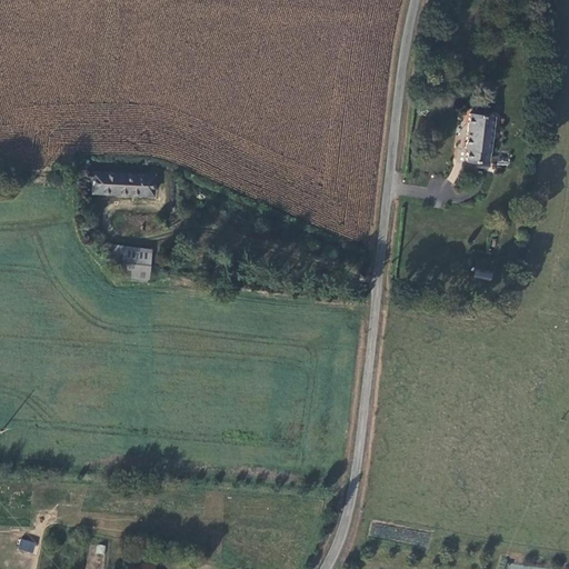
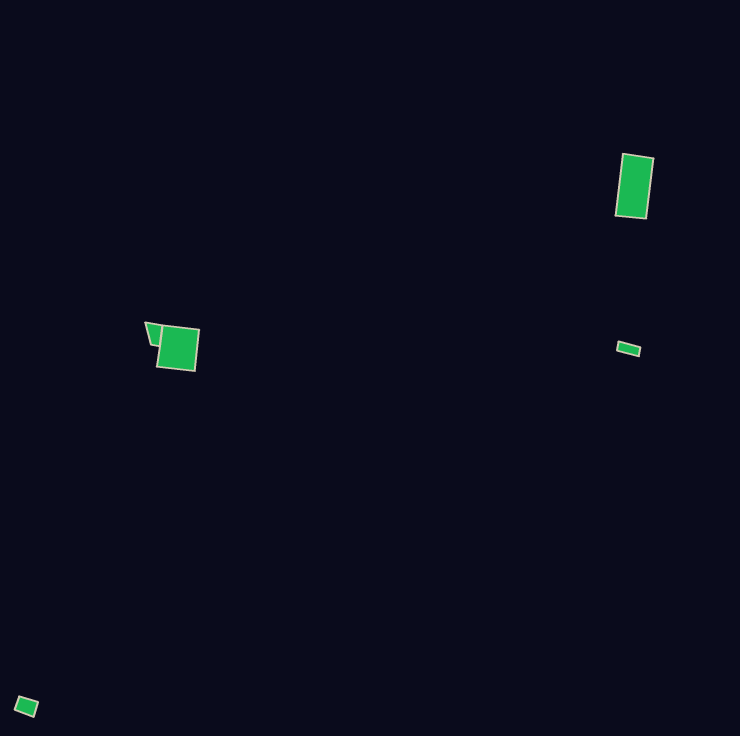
building: [93,172,156,196] -> none

